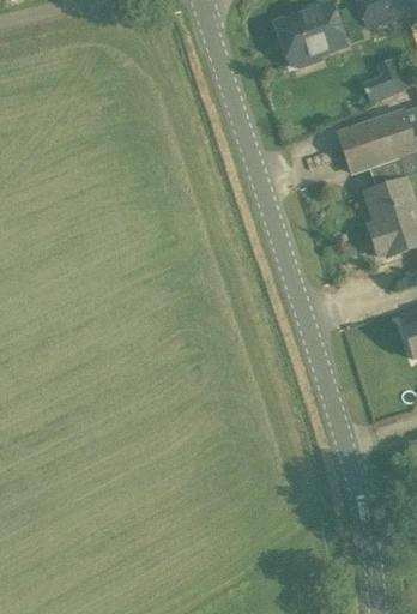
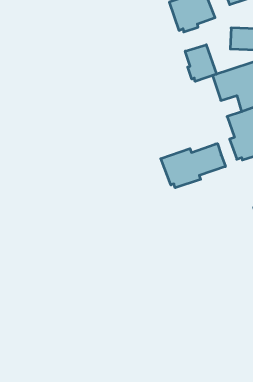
building: none -> [185,45,216,81]
building: none -> [161,144,225,188]

